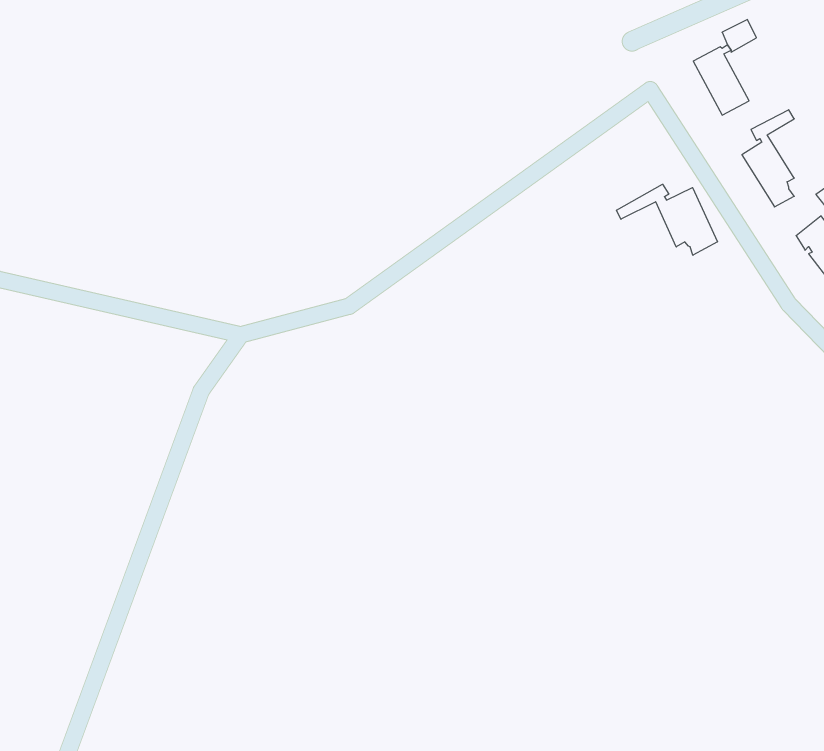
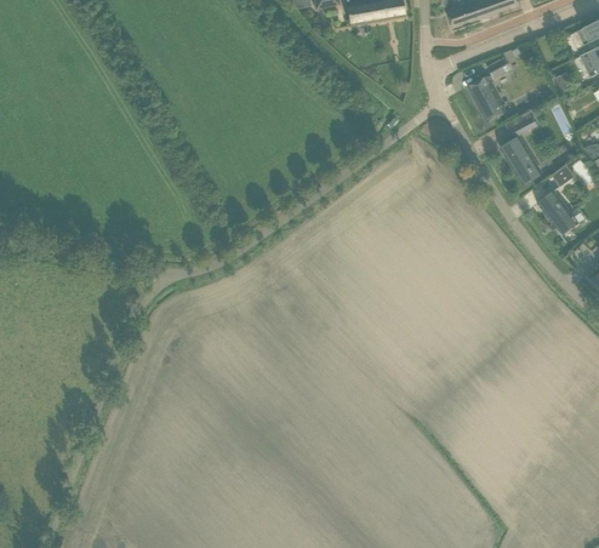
building: [617,184,717,255] -> none

